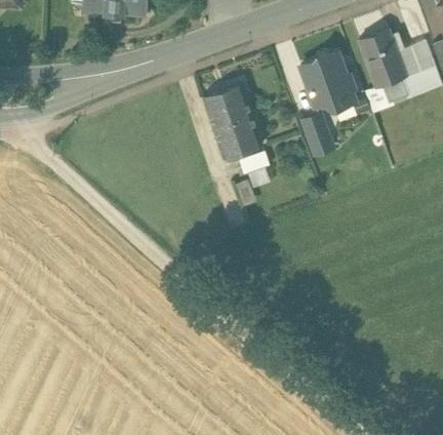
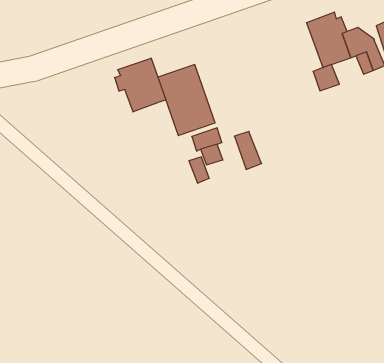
building: [300,52,352,107] -> none
building: none -> [115,58,166,112]
building: [304,115,332,155] -> [234,131,262,169]

